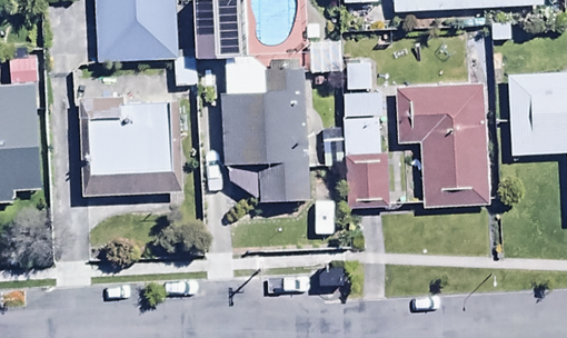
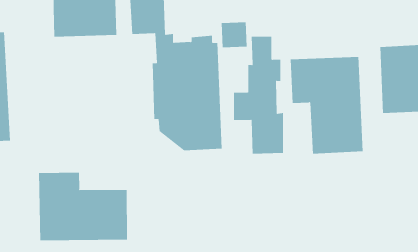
building: [73,77,181,195] -> none
building: none -> [39,172,128,241]

